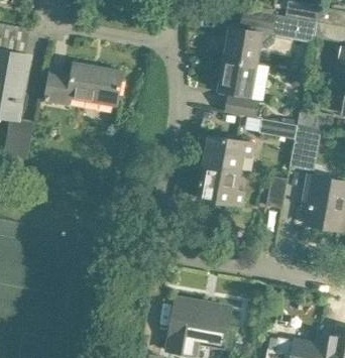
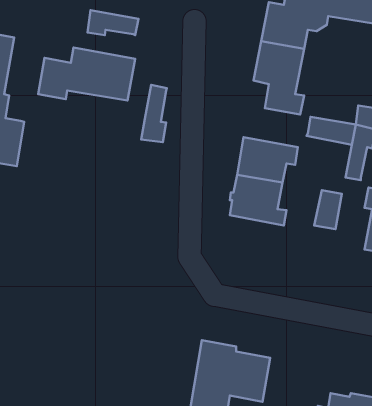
building: none -> [88,10,139,35]
building: none -> [141,85,167,142]

